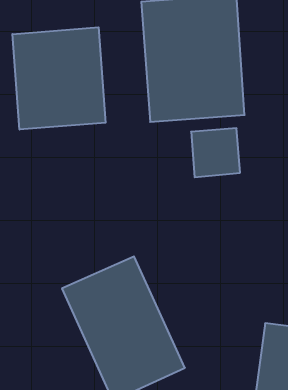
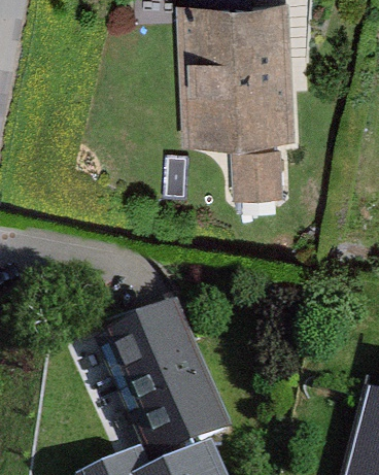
building: [12,27,106,130] -> none

